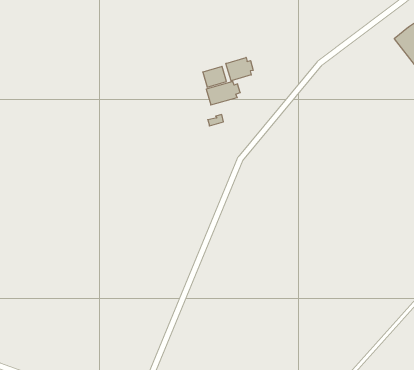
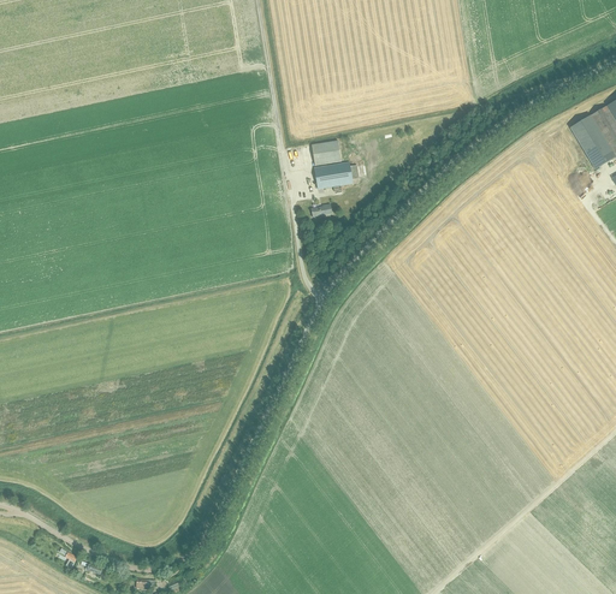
building: [226,57,253,81] -> none

